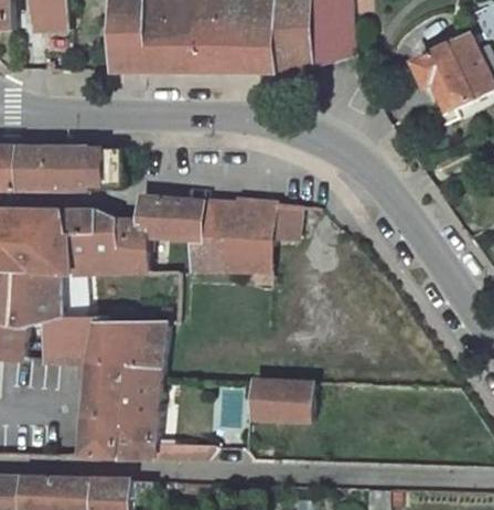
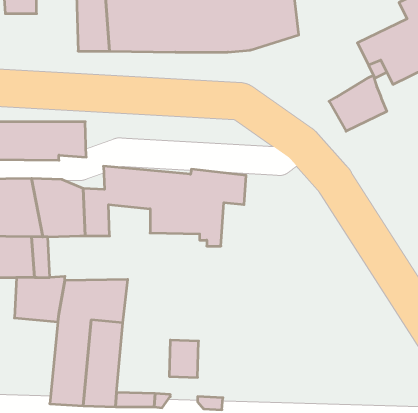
building: none -> [329,75,387,131]
building: [250,380,310,421] -> none

